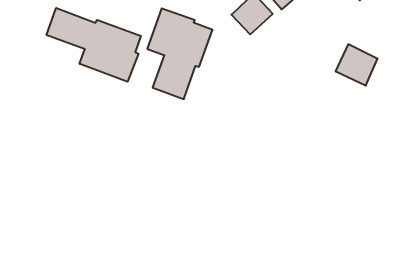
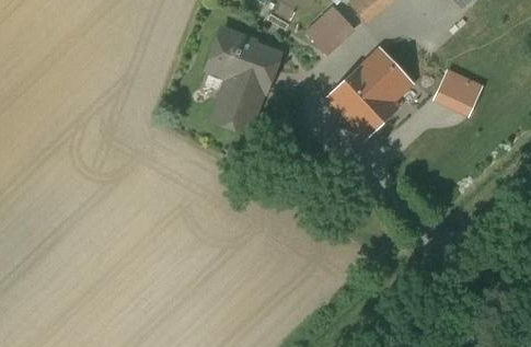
building: [47,8,141,82] -> none
building: none -> [325,46,416,140]

